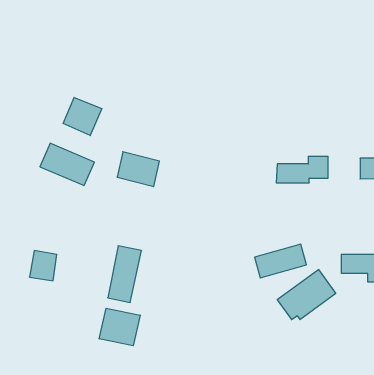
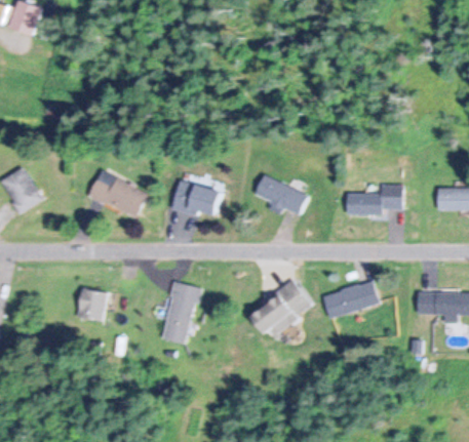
building: [63,97,102,136] -> none
building: none -> [255,175,308,215]
building: [277,270,336,320] -> [248,282,312,336]
building: [99,308,140,346] -> none

